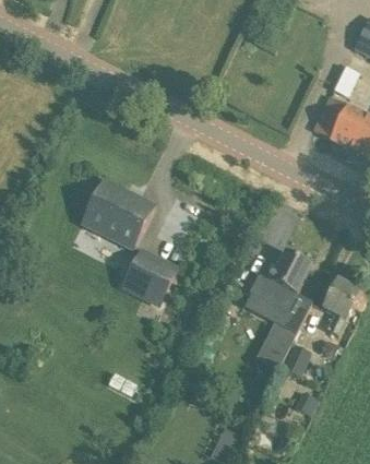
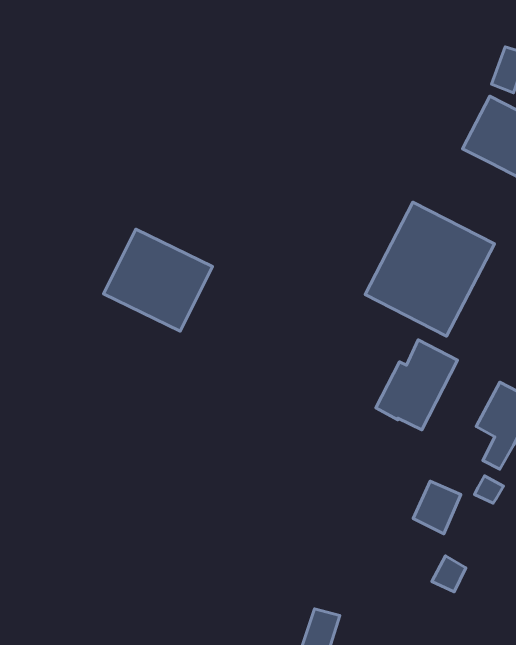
building: none -> [365,202,494,336]
building: [122,251,176,305] -> none
building: [254,312,298,367] -> none

